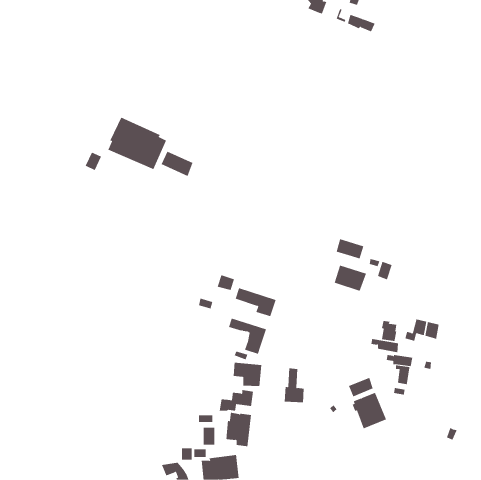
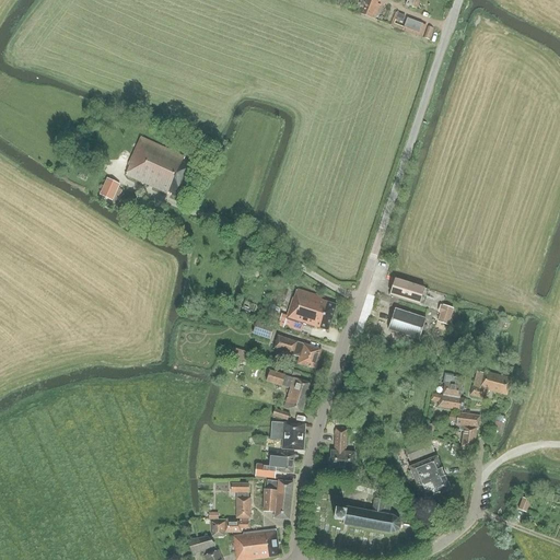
building: [161,151,193,177] -> none
building: none -> [277,288,336,329]
building: none -> [334,497,399,532]

